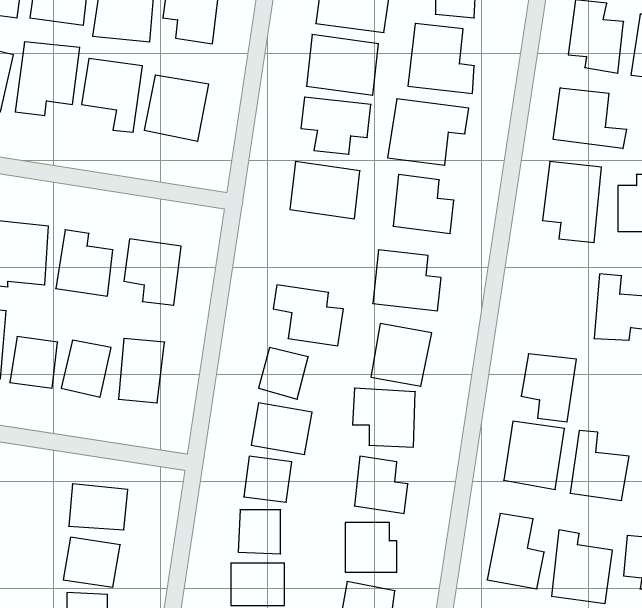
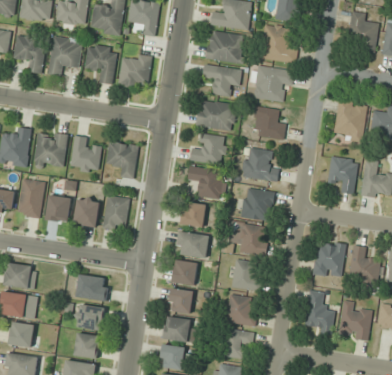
building: [553,88,627,149] -> none
building: none -> [190,134,227,165]
building: [521,354,576,422] -> [328,157,358,194]

